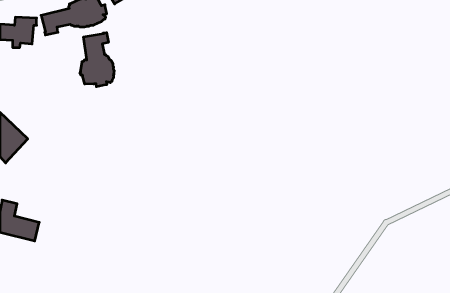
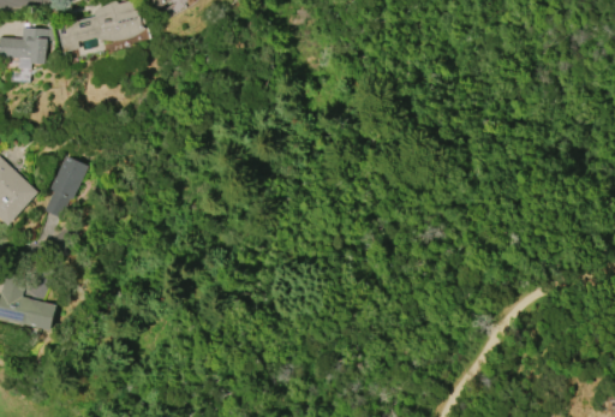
building: [80,33,114,87] -> none
building: none -> [42,156,86,219]

